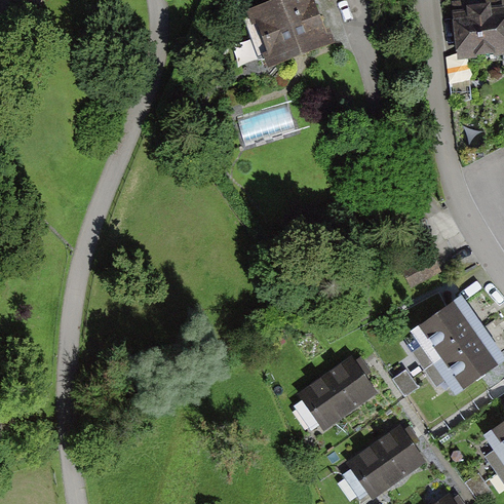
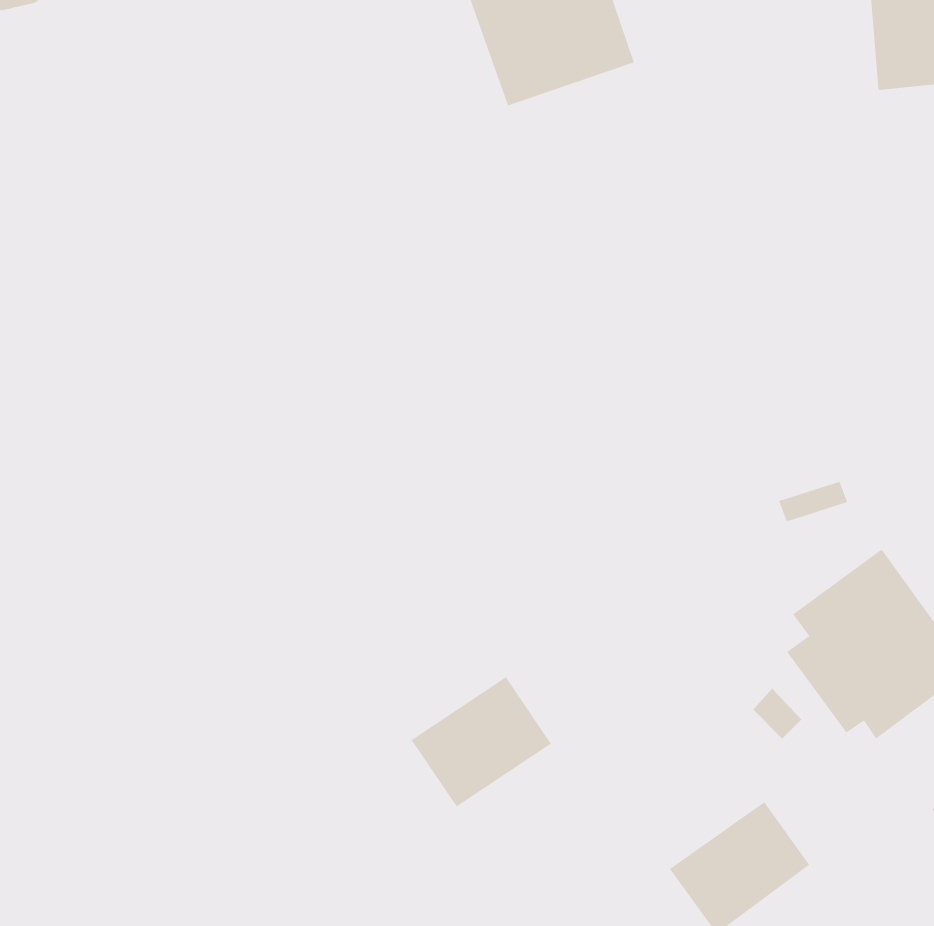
building: [300,357,373,425] -> [411,676,552,807]

